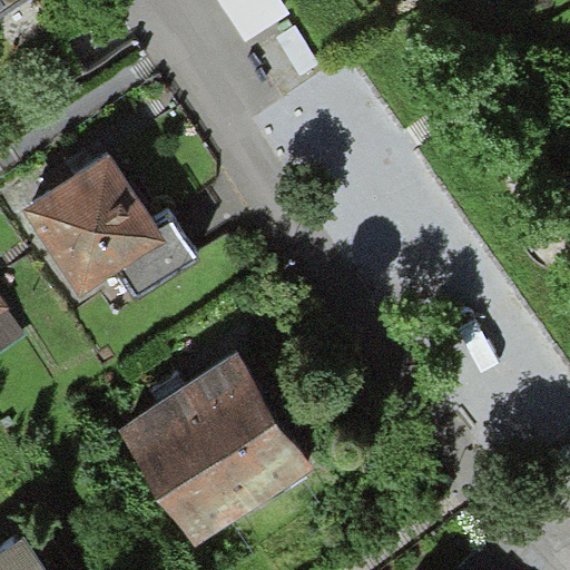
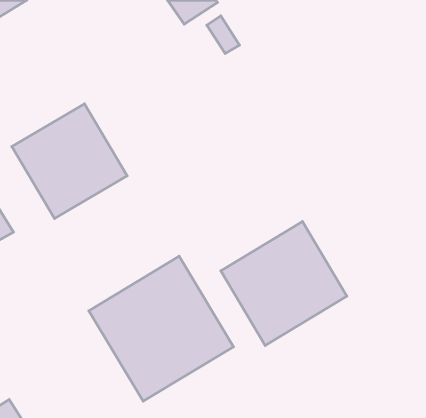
building: none -> [221,222,347,346]

